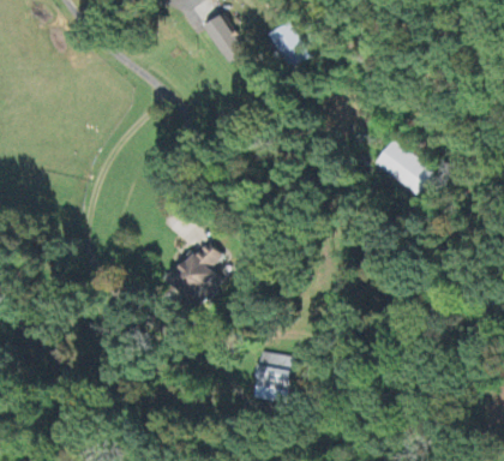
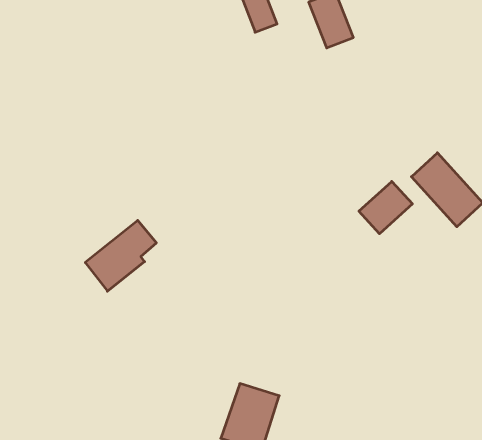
building: none -> [359,181,412,234]
building: [167,239,222,300] -> [85,220,156,291]

